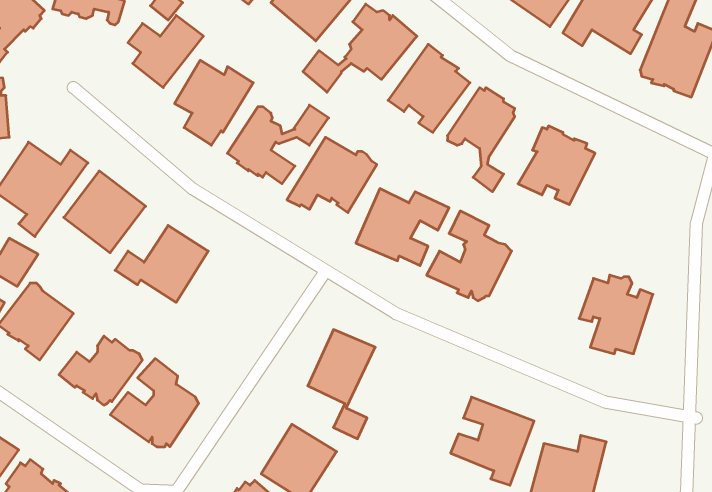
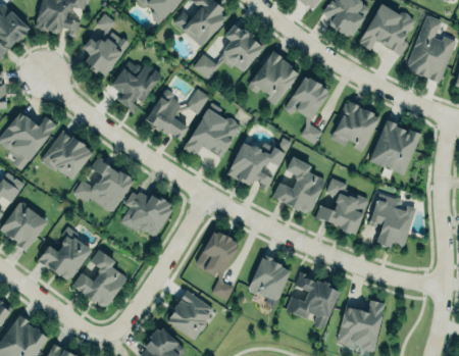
building: none -> [369,118,420,173]
building: none -> [315,179,368,233]
building: none -> [120,190,172,235]
building: none -> [248,256,291,302]

